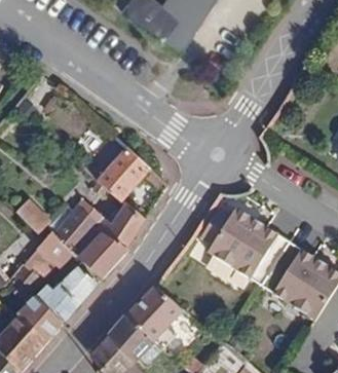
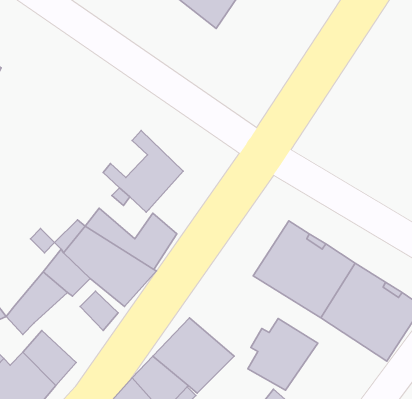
building: [36,276,85,322] -> none
building: none -> [248,318,318,390]

